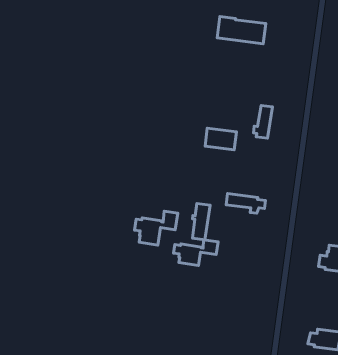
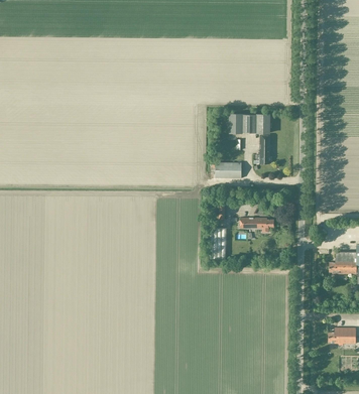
building: [217,17,266,44] -> [229,114,270,133]
building: [135,211,178,245] -> none
building: [173,240,218,266] -> none

